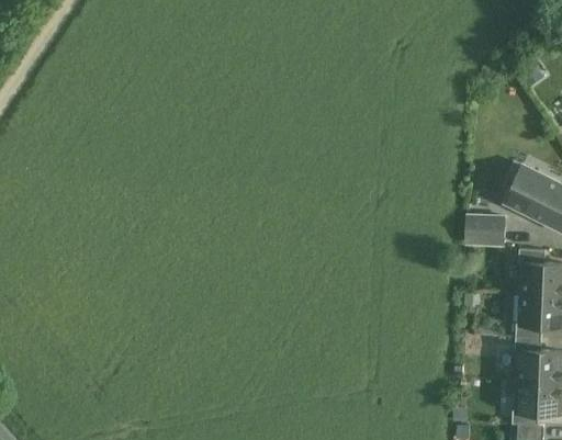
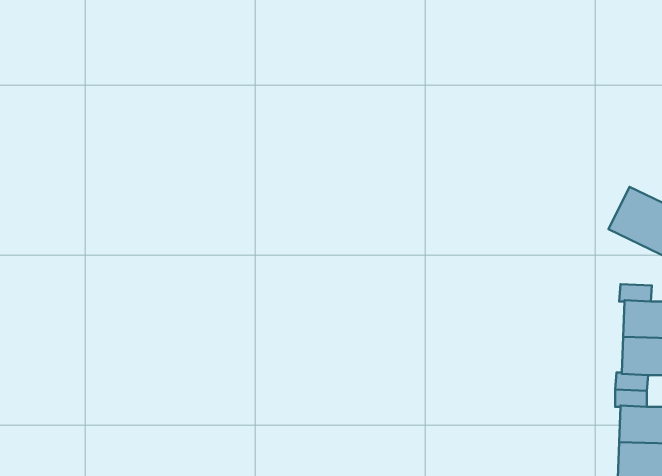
building: [465,216,505,244] -> none

